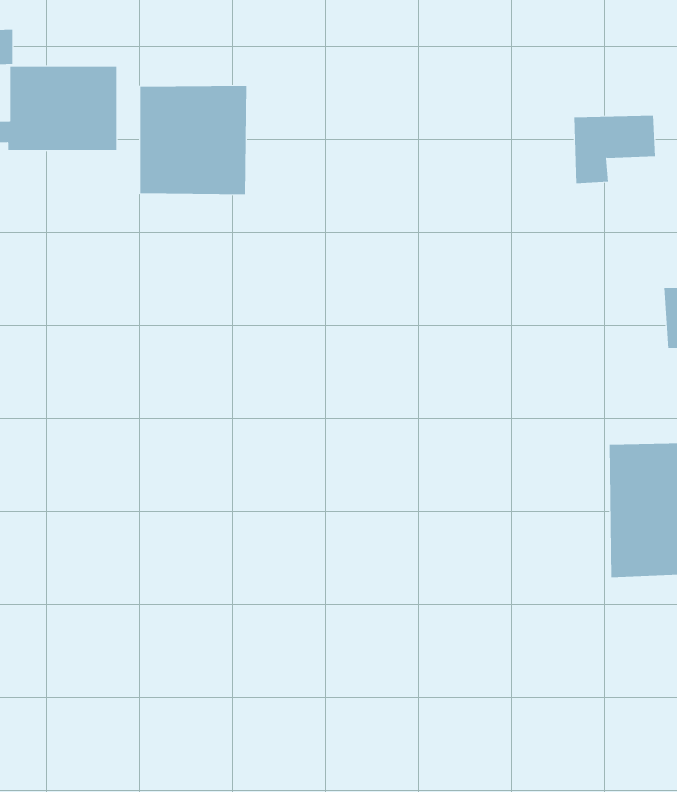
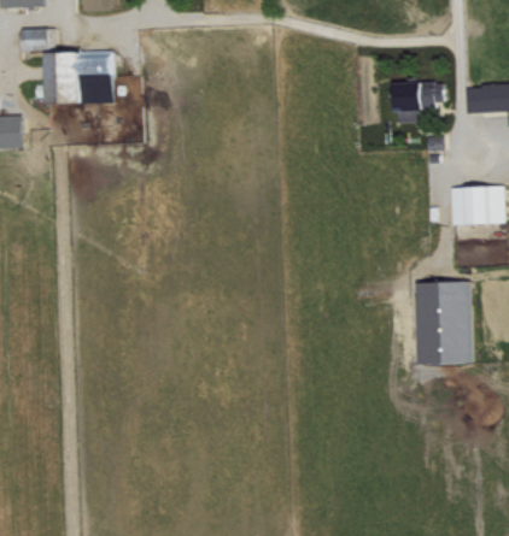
building: [140,85,247,195] -> none

